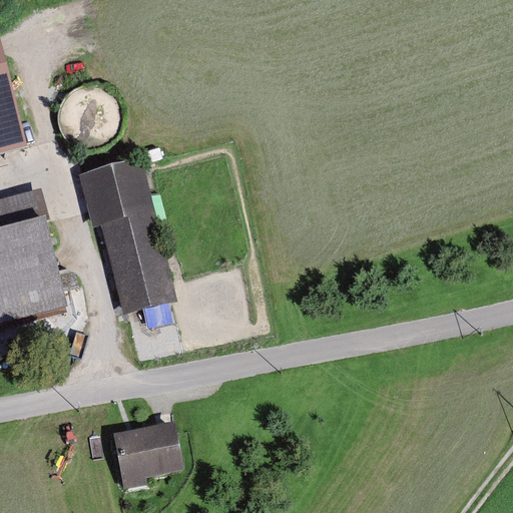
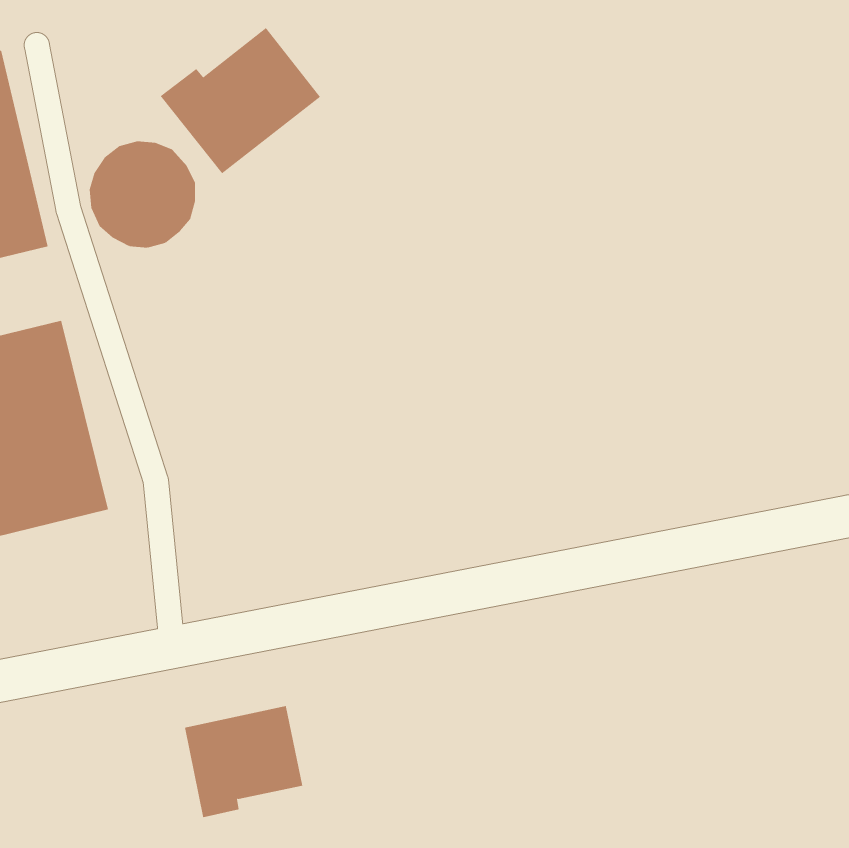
building: none -> [160,27,321,174]
building: [79,156,176,313] -> none

